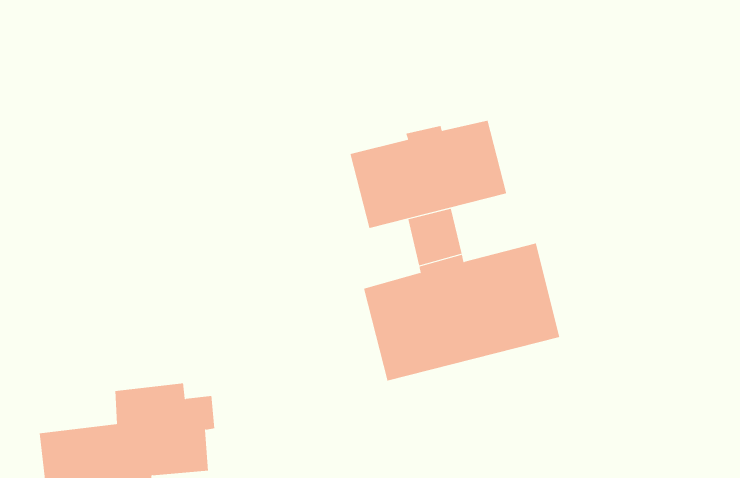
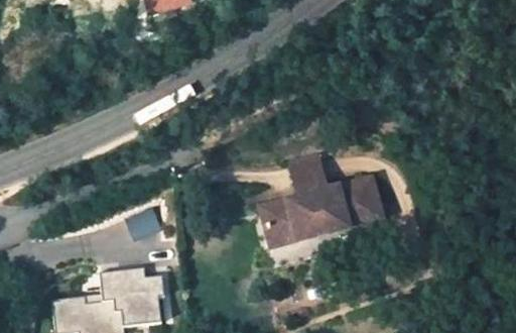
building: [350,120,507,229] -> none

